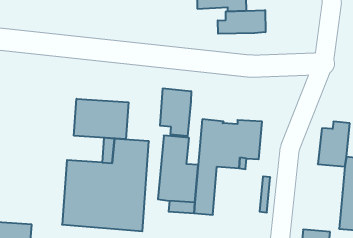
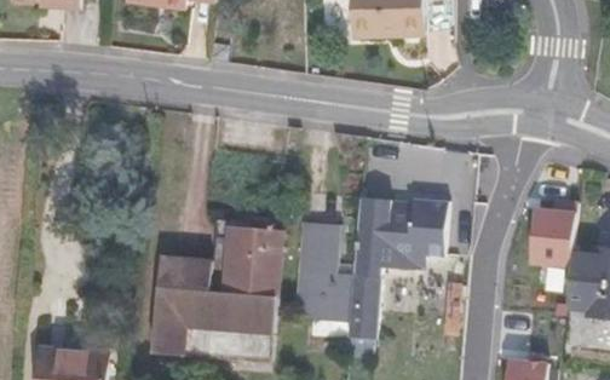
building: [218,10,265,34] -> none
building: [160,88,191,136] -> none
building: [74,99,128,139] -> none

